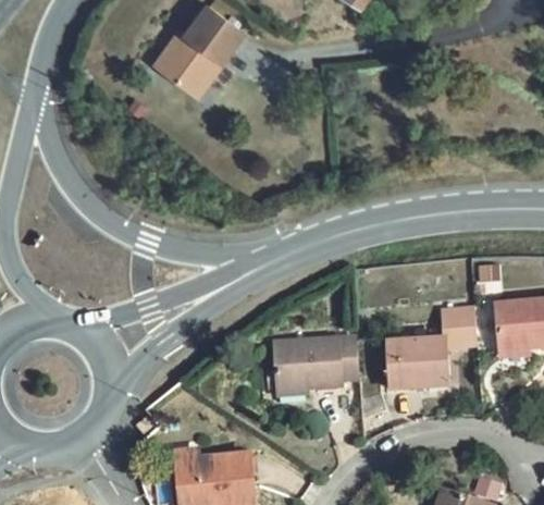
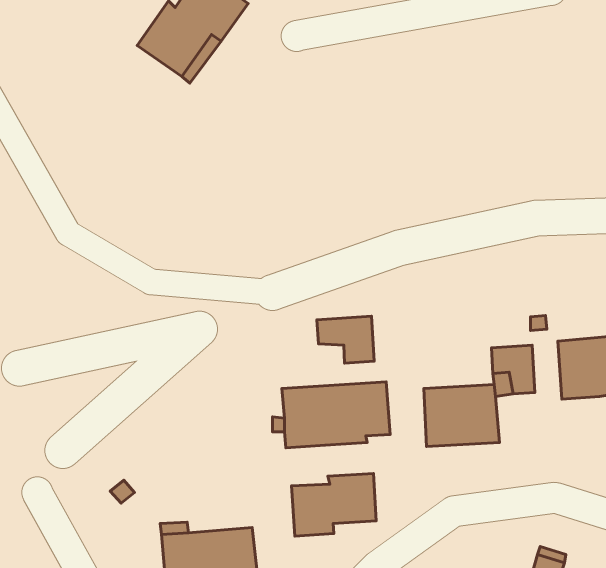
building: none -> [317,316,374,363]
building: none -> [291,474,376,536]

